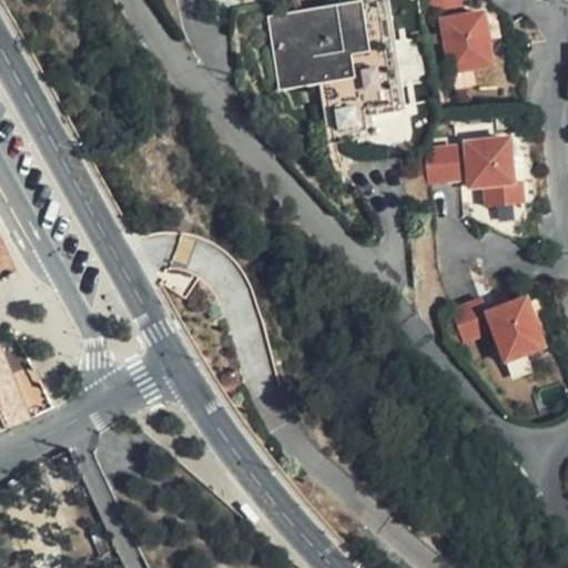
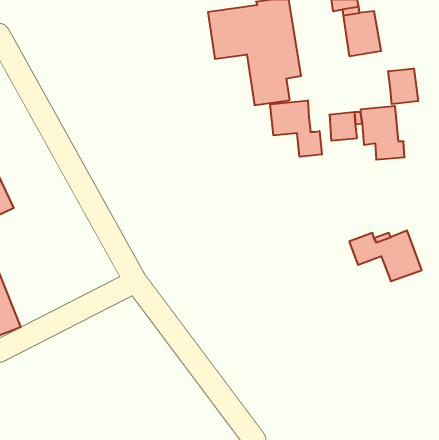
building: none -> [388,68,418,104]
building: none -> [270,100,322,157]

